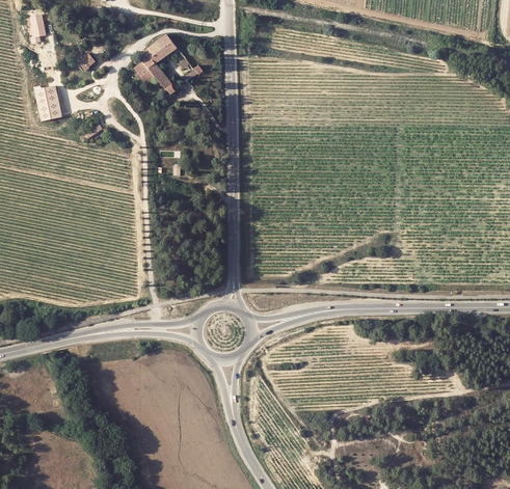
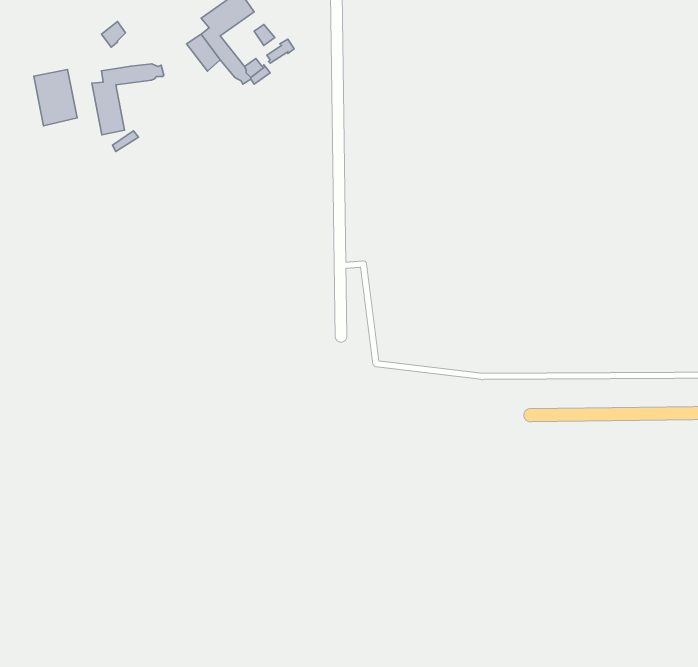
building: none -> [92,64,164,135]

